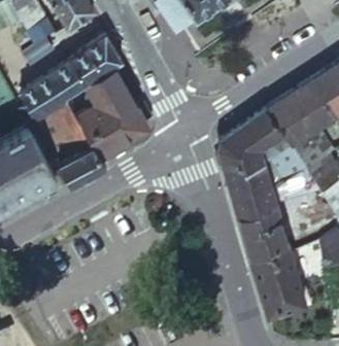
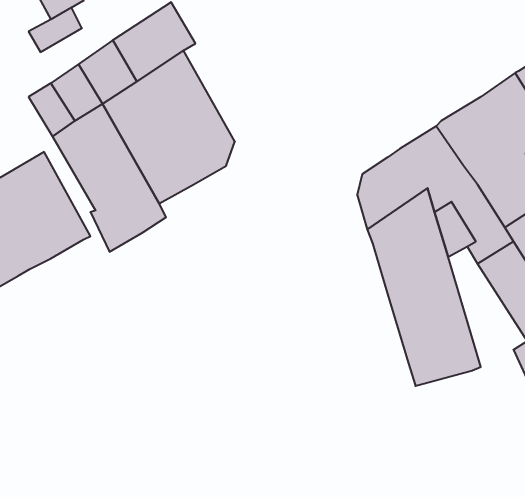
building: [253,255,307,316] -> none

